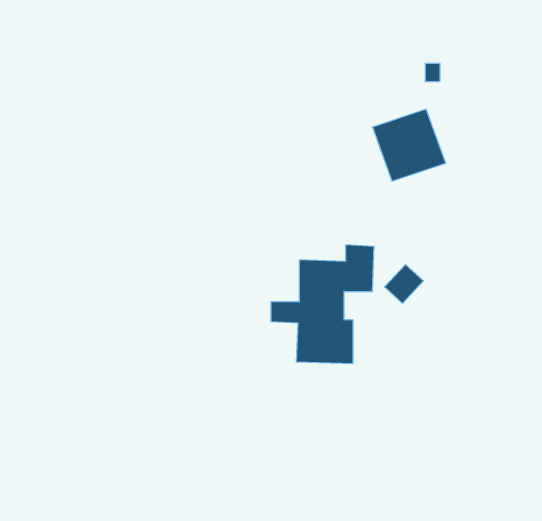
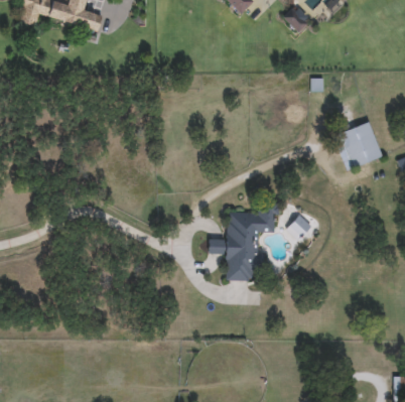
building: [372,109,446,181] -> [333,122,383,170]

